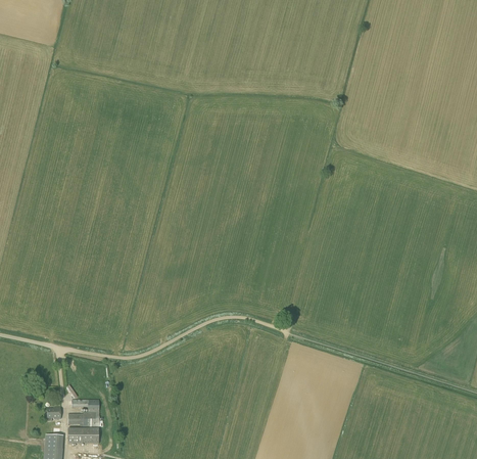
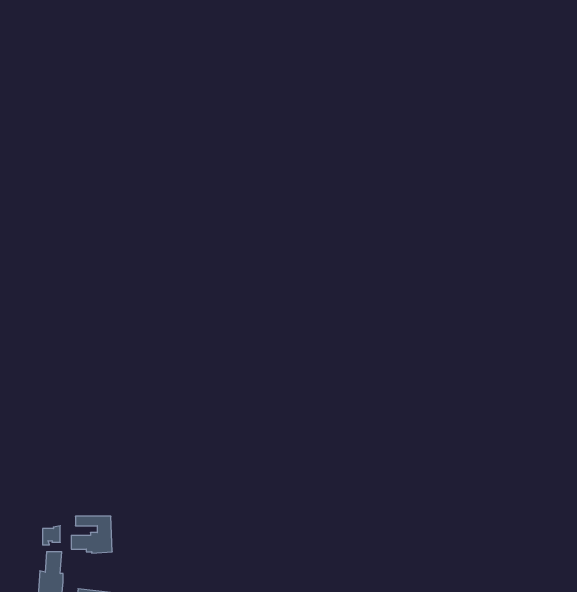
building: [67,427,99,444] -> none

